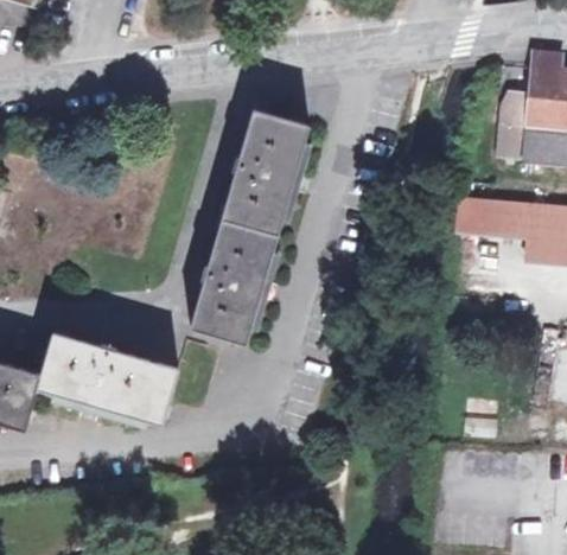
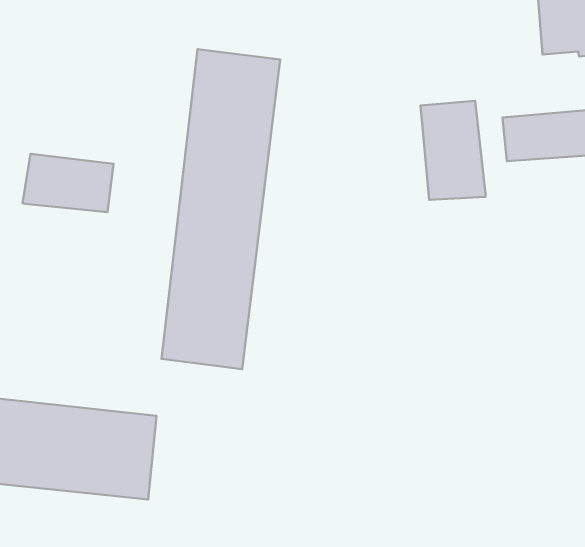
building: none -> [22,154,114,212]
building: none -> [421,101,486,200]

